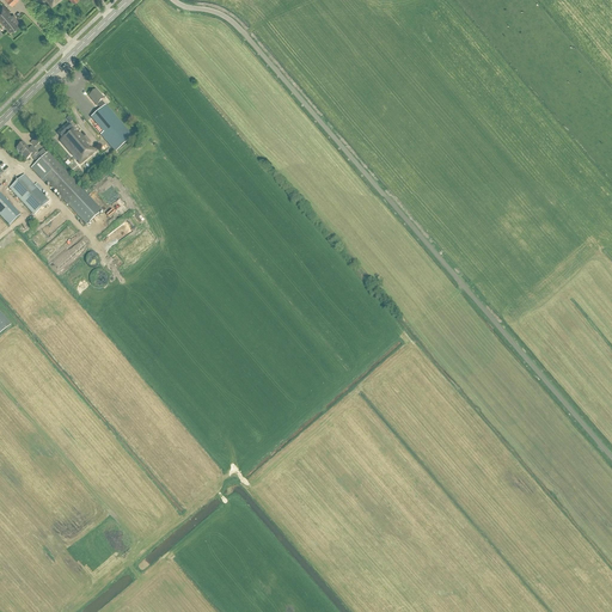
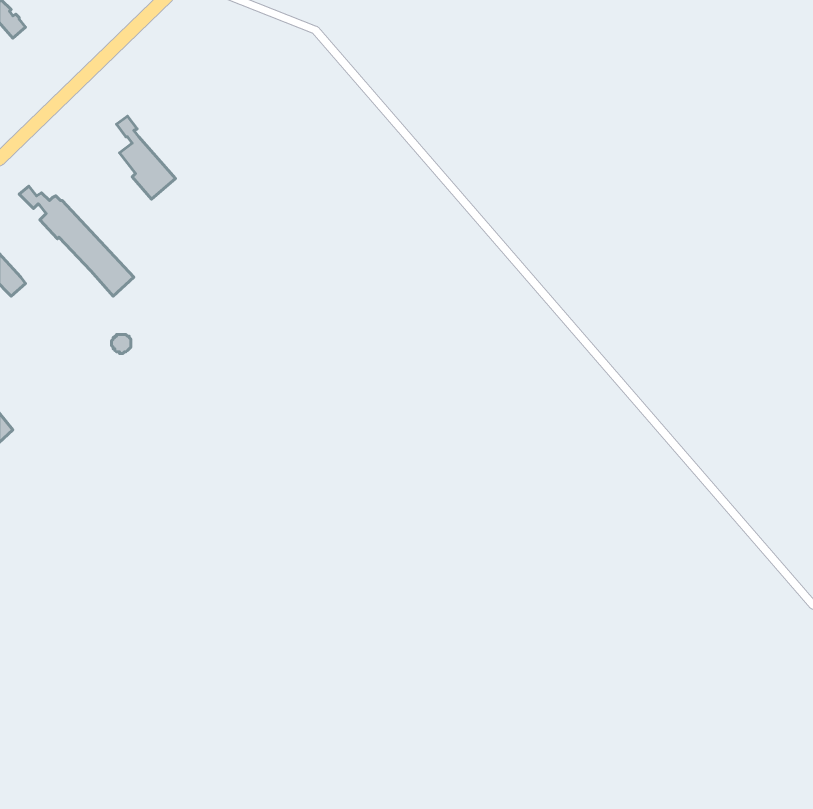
building: [56,121,94,161] -> none
building: [8,172,48,213] -> none

